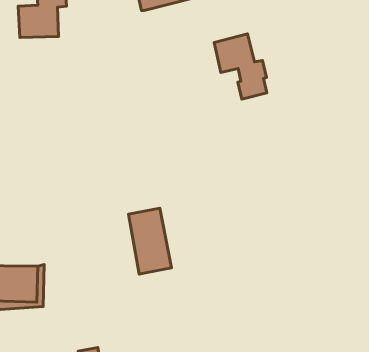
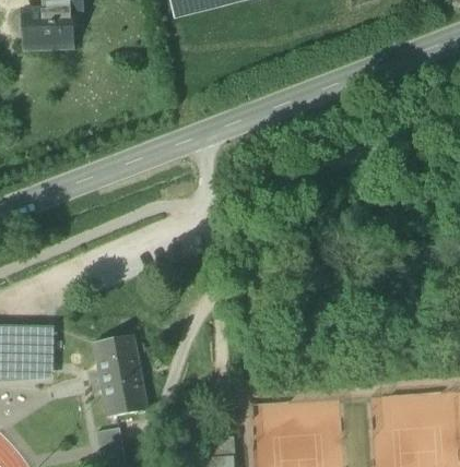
building: [214,34,267,99] -> none
building: [128,208,171,274] -> [95,334,148,415]

